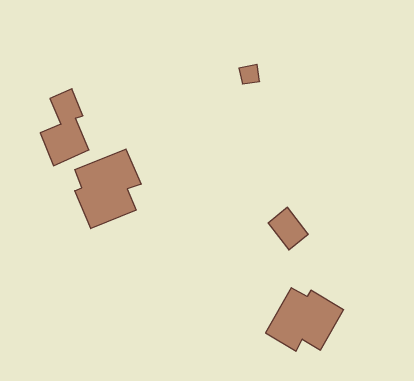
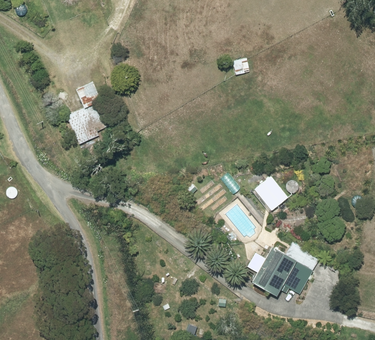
building: [75,149,141,229] -> none

